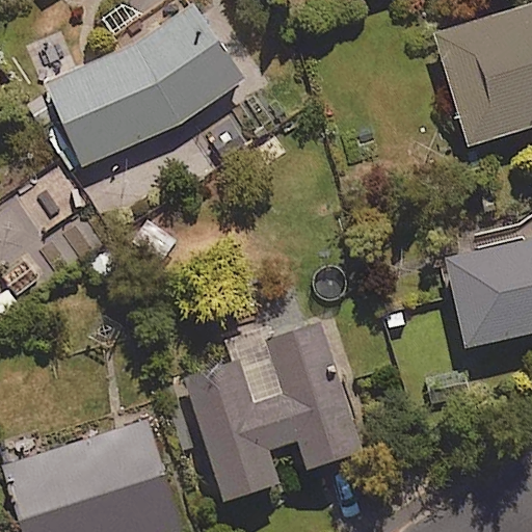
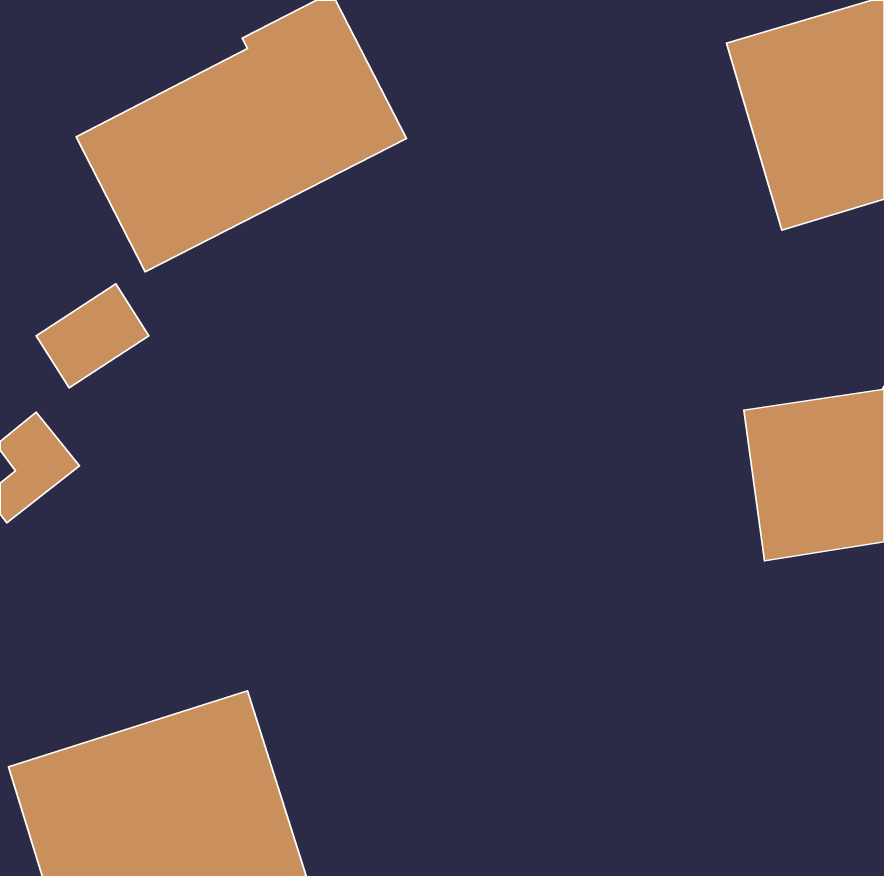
building: [183,320,363,501] -> none

